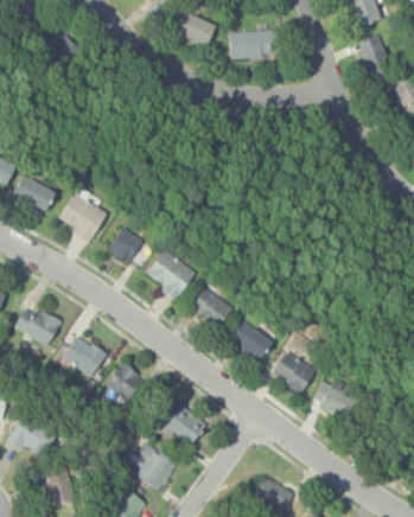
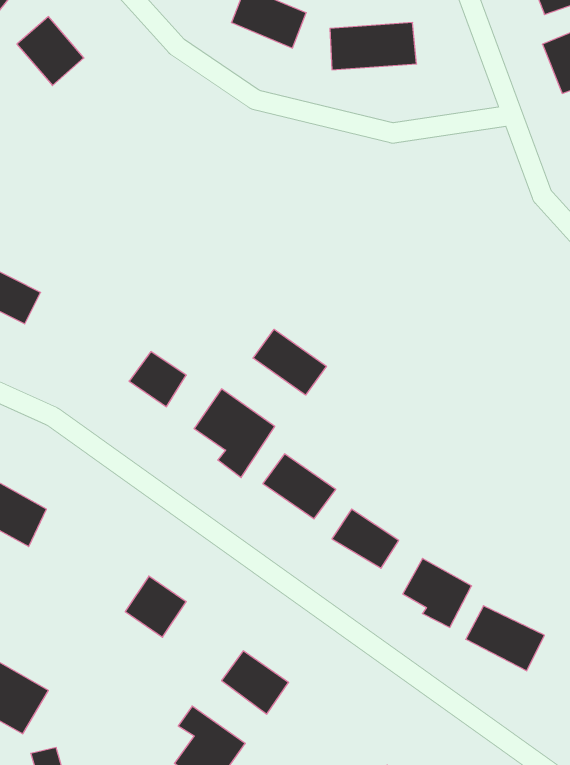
building: [59,193,107,244] -> none
building: none -> [253,329,326,395]
building: [62,336,106,377] -> none

